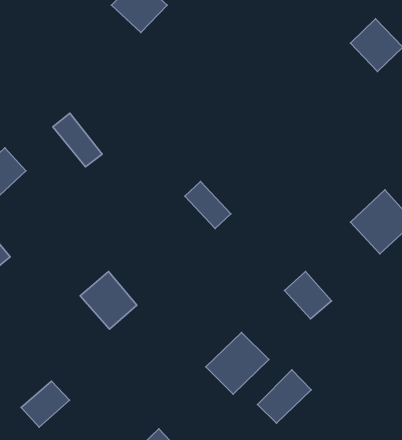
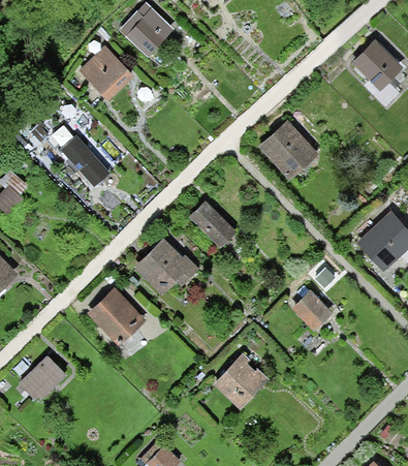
building: none -> [80,44,134,100]
building: none -> [260,120,321,182]
building: none -> [133,239,199,298]
building: [257,370,311,423] -> none
building: [21,381,69,427] -> [17,355,64,401]

